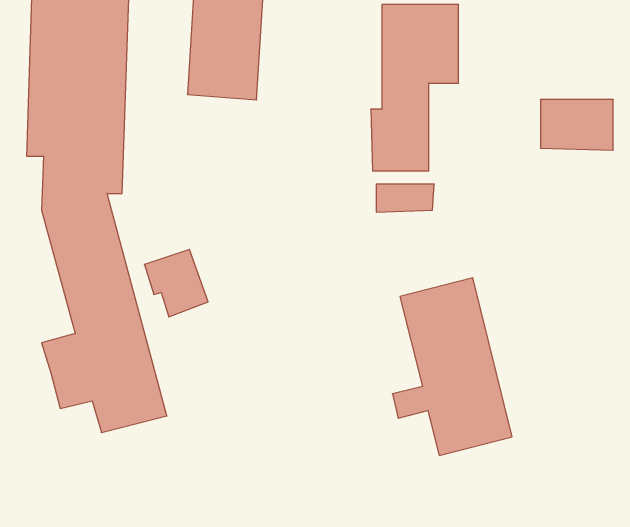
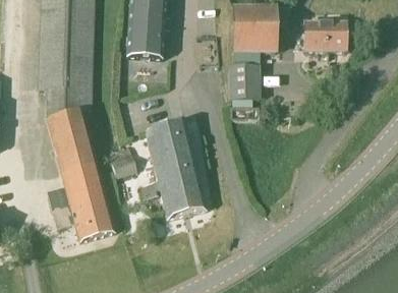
building: [540,100,613,150] -> [306,21,346,49]
building: [392,278,512,455] -> [143,120,208,217]

